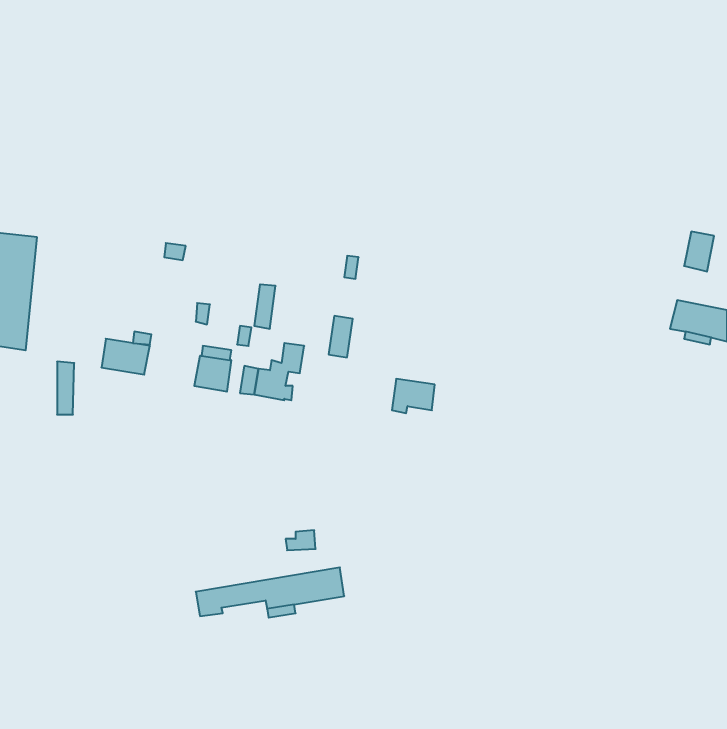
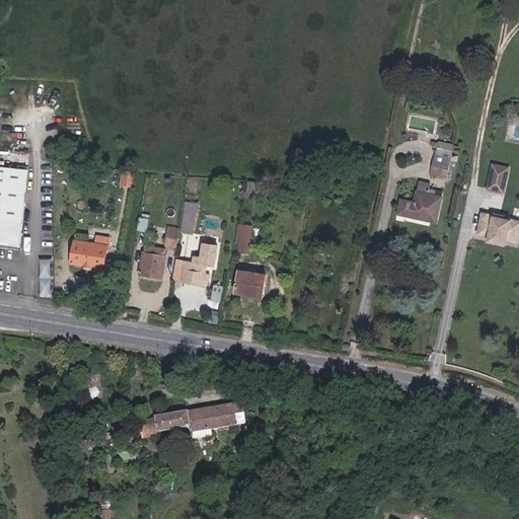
building: none -> [430,143,450,175]
building: none -> [396,180,440,222]
building: [392,379,435,413] -> [234,270,265,294]

